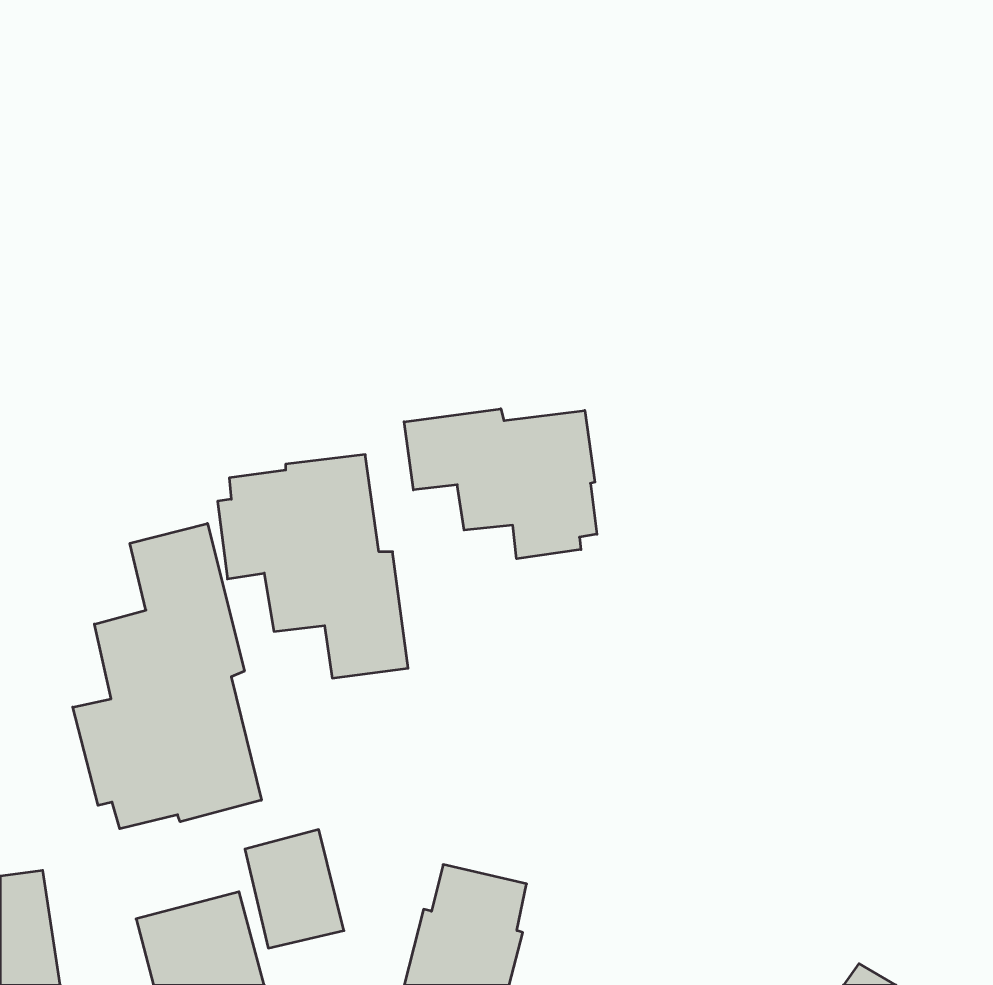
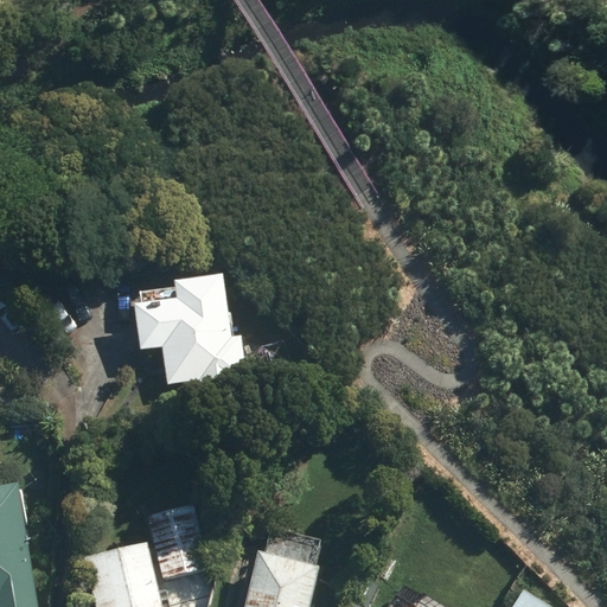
building: [404,409,597,559] -> none
building: [73,523,261,829] -> none

